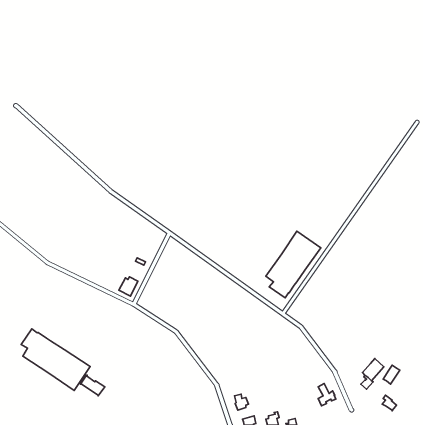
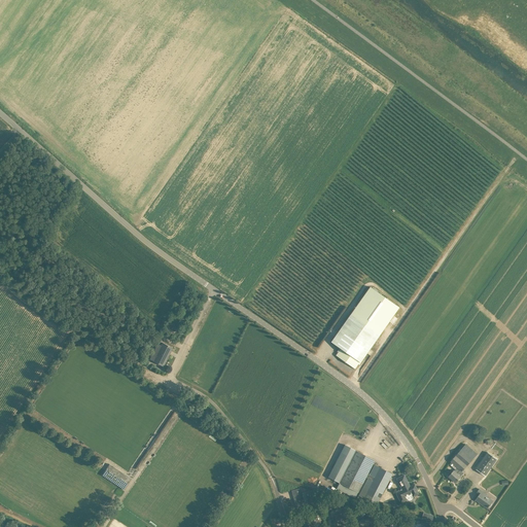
building: [21,329,90,390] -> none
building: none -> [337,450,390,504]

